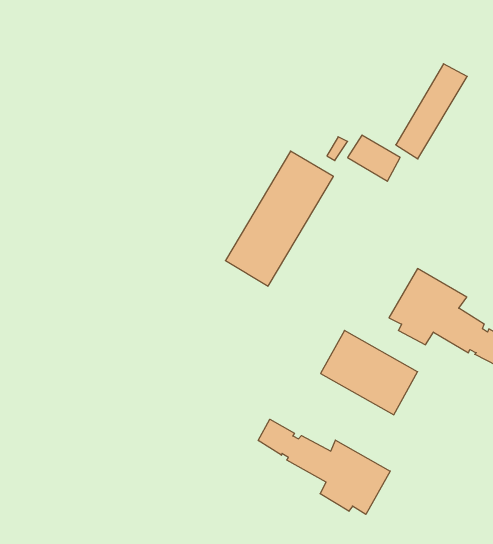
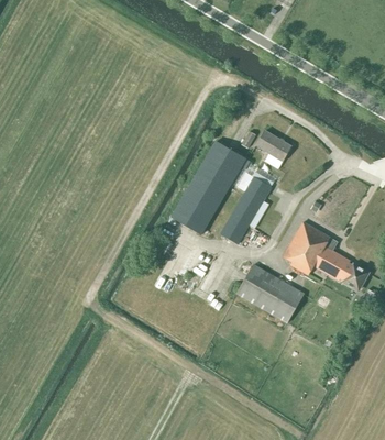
building: [396,64,467,159] -> [221,177,271,243]
building: [258,419,390,514] -> none

